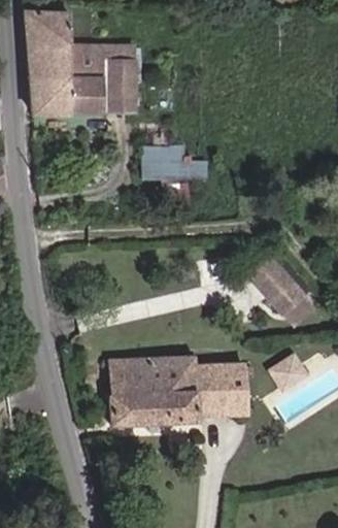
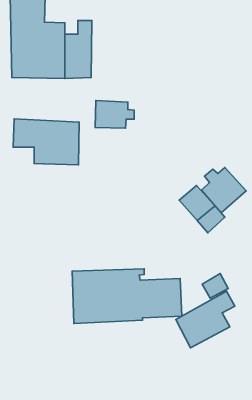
building: none -> [13,119,79,165]
building: none -> [202,168,246,213]
building: none -> [176,291,235,348]

